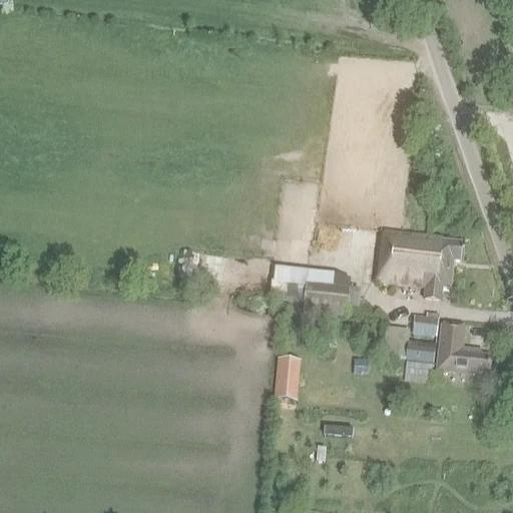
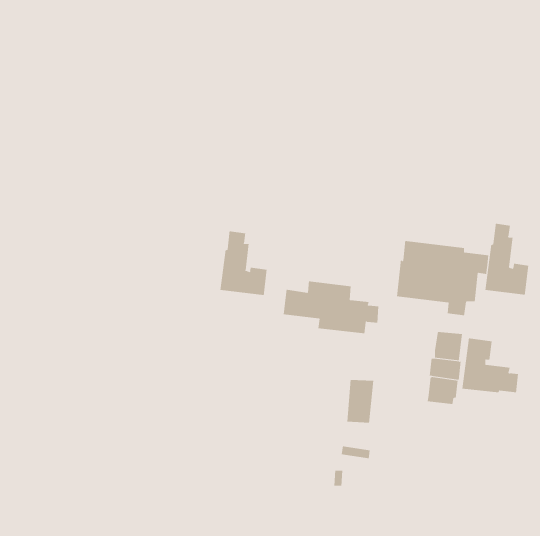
building: none -> [485,223,529,295]
building: none -> [220,231,267,296]
building: [275,357,301,398] -> [347,380,374,423]

